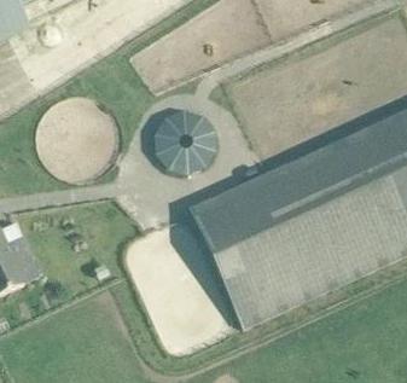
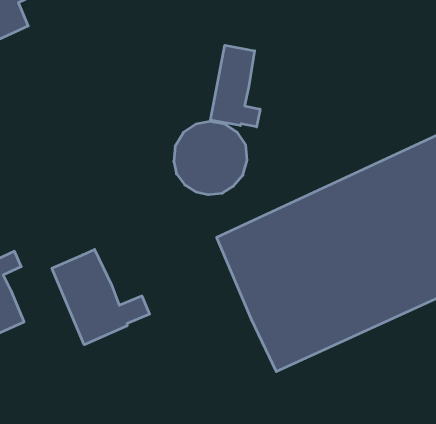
building: none -> [210,45,260,127]
building: none -> [52,249,150,345]

